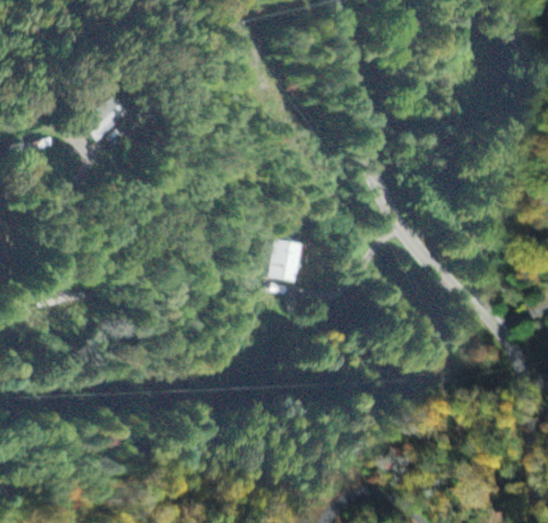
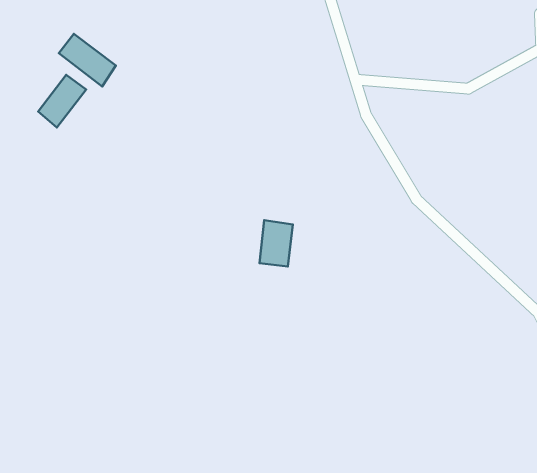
building: none -> [59,34,116,86]

